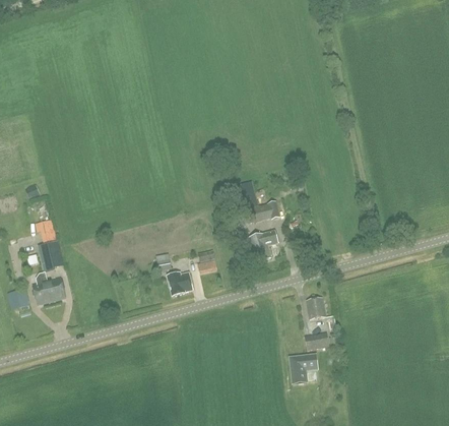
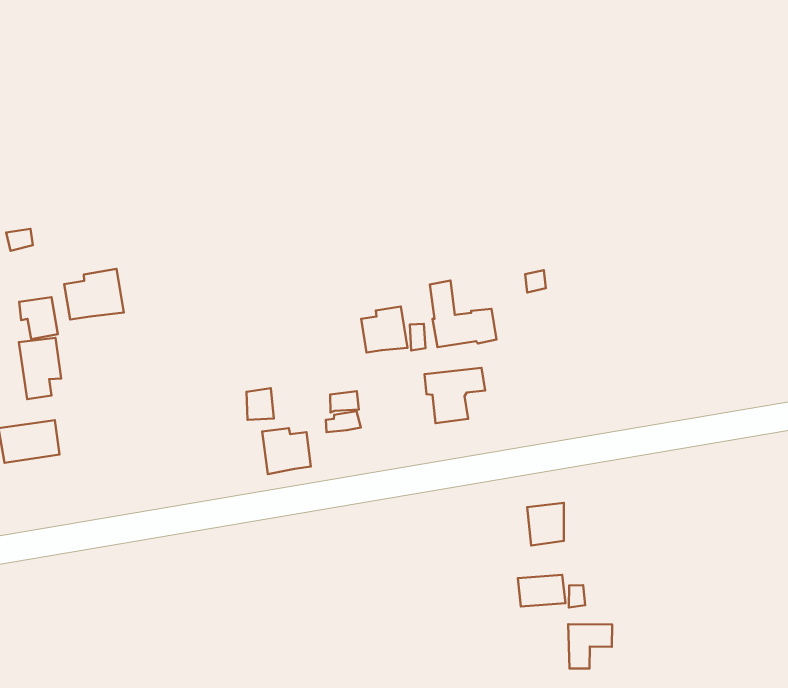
building: none -> [64,269,124,320]
building: none -> [361,306,407,353]
building: [292,356,315,380] -> [568,624,612,668]

